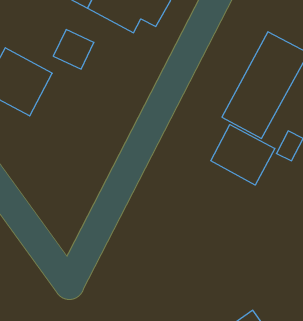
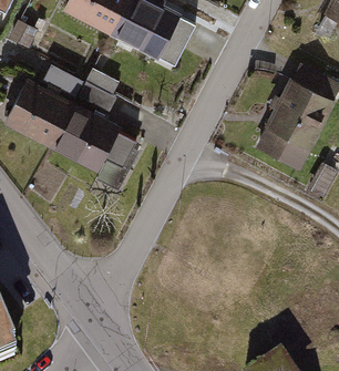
building: none -> [52,104,140,174]
building: [211,125,275,185] -> none

